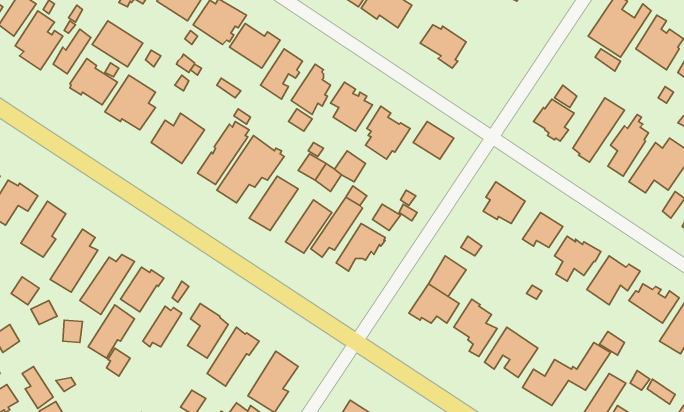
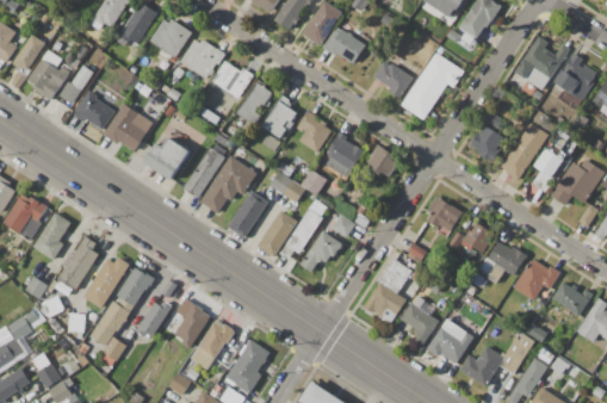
building: none -> [401,54,463,120]

